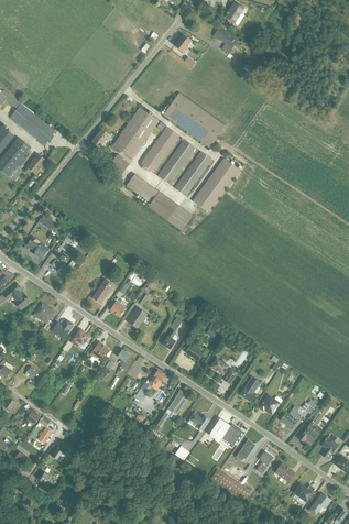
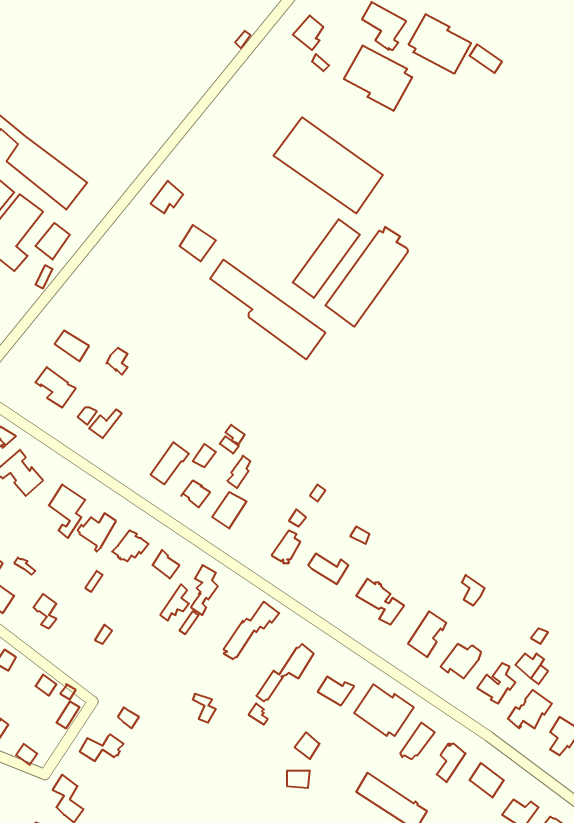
building: none -> [409,14,471,74]
building: none -> [344,45,412,111]
building: [111,107,159,159] -> none
building: [140,127,179,172] -> none
building: [156,139,195,184] -> none

